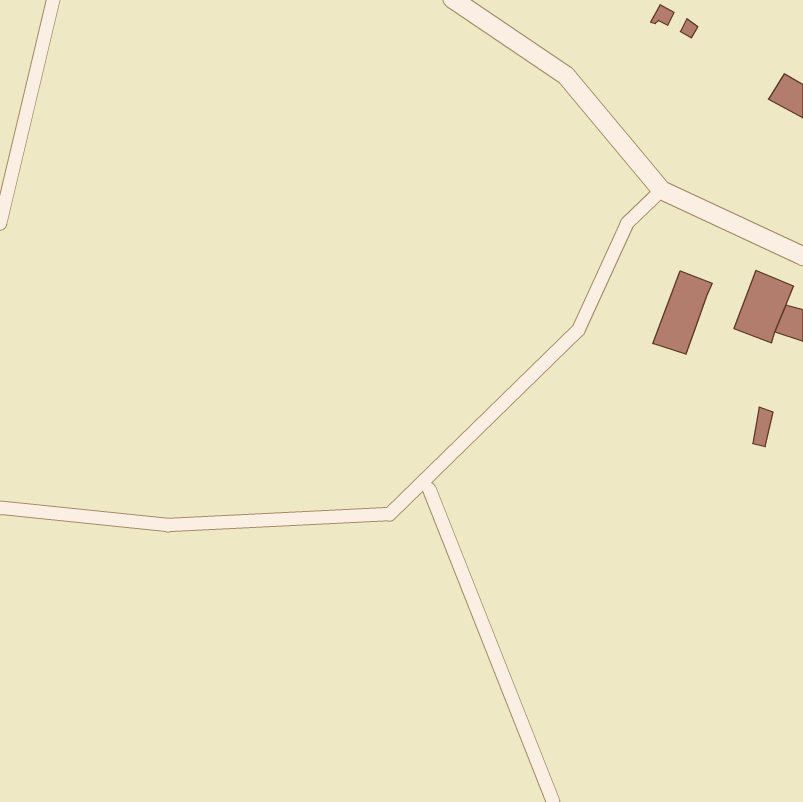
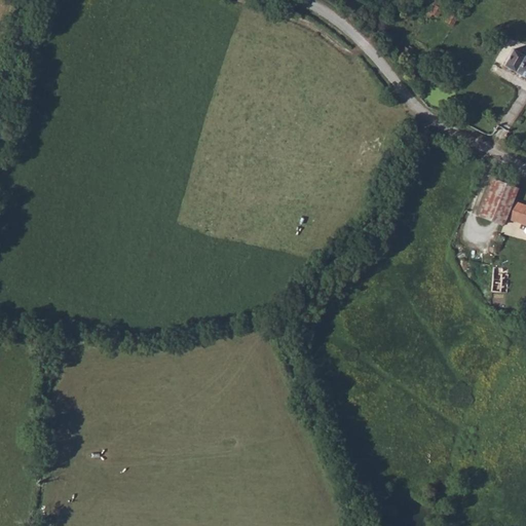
building: [653,271,712,354] -> none

